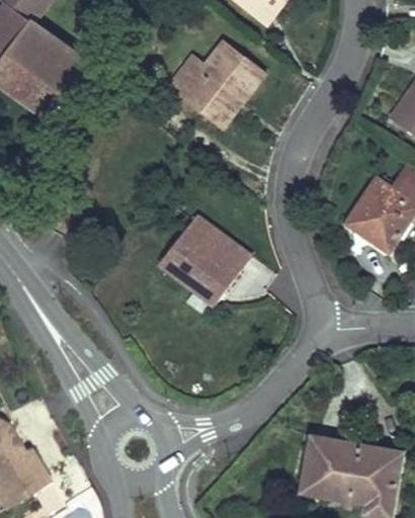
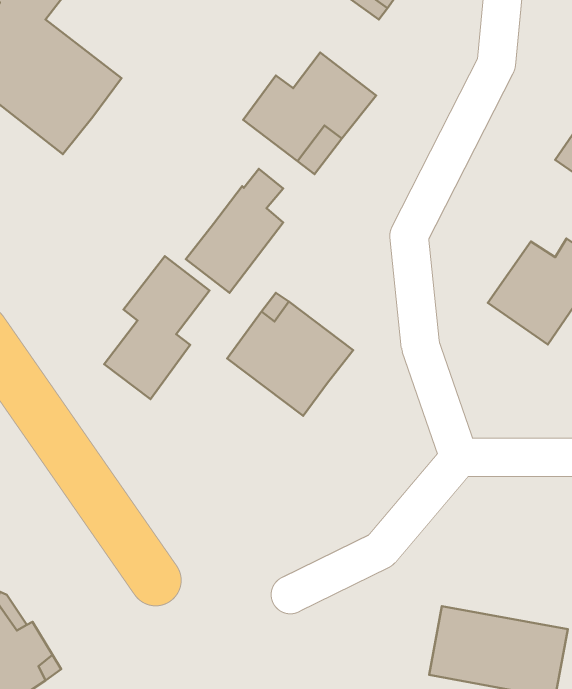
building: none -> [186,169,283,293]
building: none -> [104,256,210,399]

